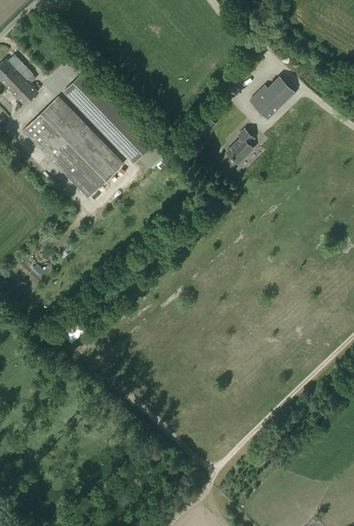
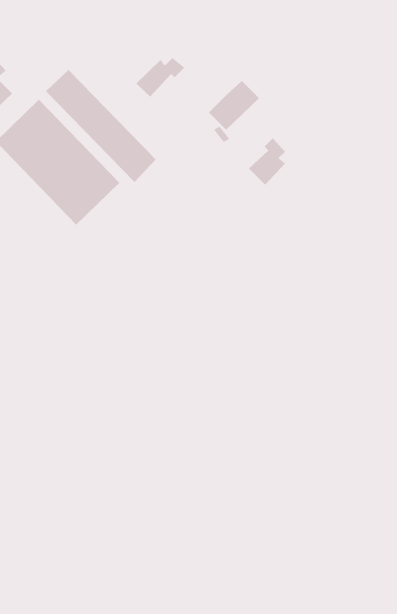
building: none -> [135,57,185,97]
building: [252,78,293,118] -> [208,80,260,131]

